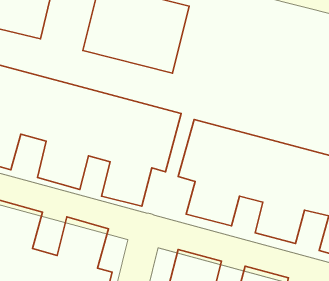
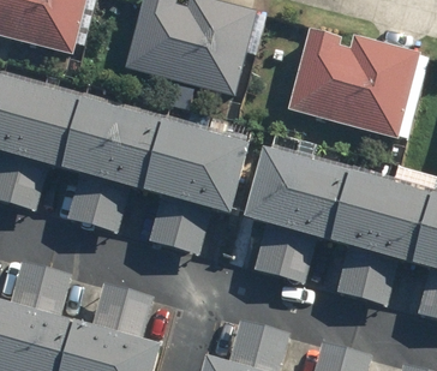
building: none -> [285,24,420,137]

